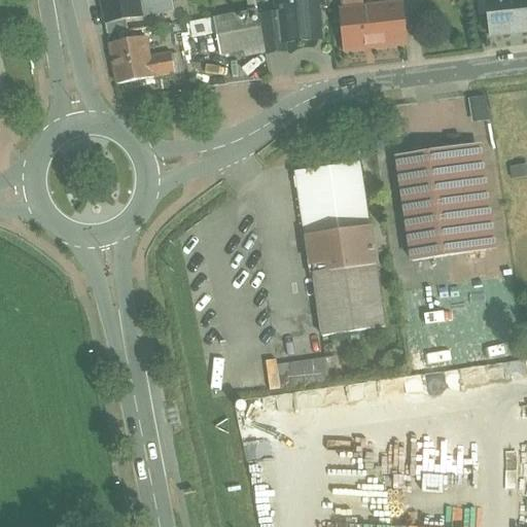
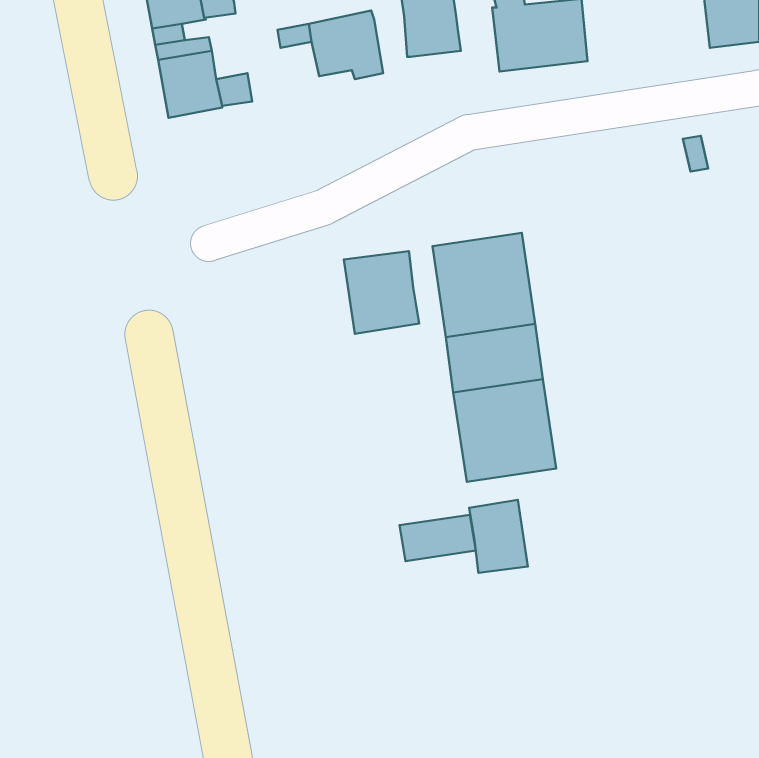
building: [258,11,284,50] -> none
building: [396,142,493,257] -> none
building: none -> [344,251,419,334]
building: none -> [469,500,528,573]

